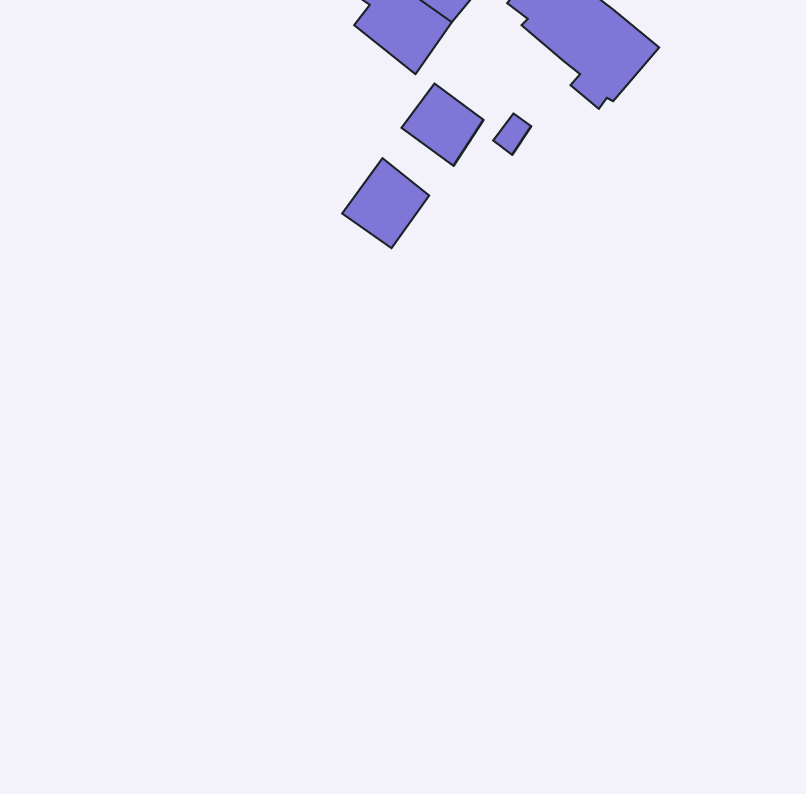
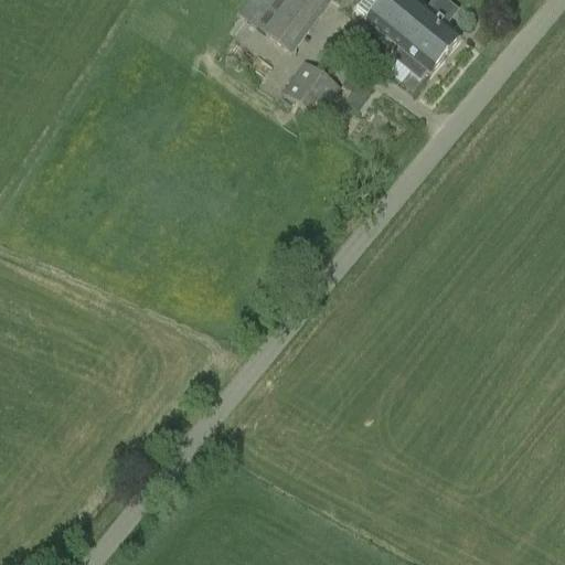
building: [342,158,429,248] -> none

